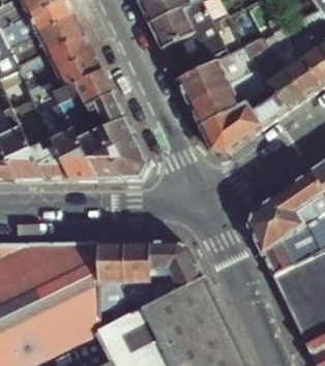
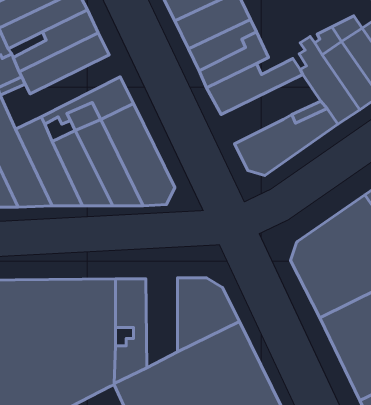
building: [26,52,102,104] -> none
building: [188,68,266,127] -> none
building: [124,241,151,317] -> none

